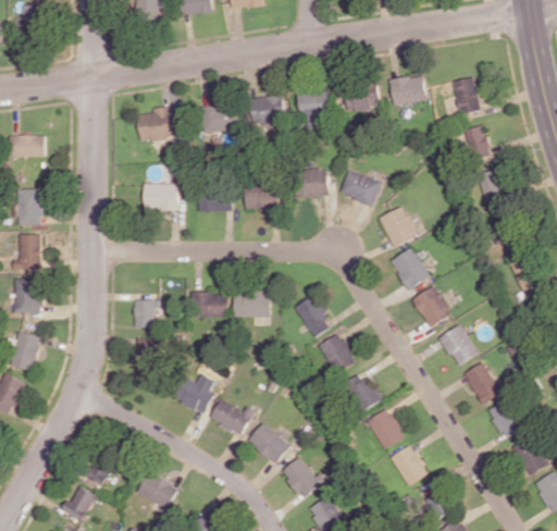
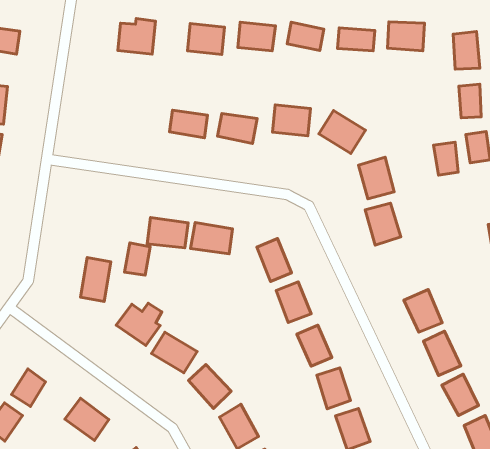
building: none -> [433,142,458,175]
building: [144,184,177,210] -> none
building: [412,285,453,328] -> none
building: [134,299,154,328] -> [125,243,150,275]

